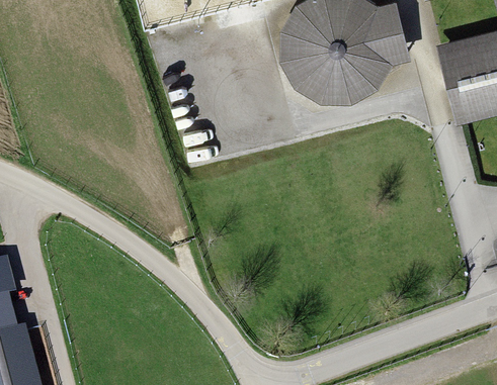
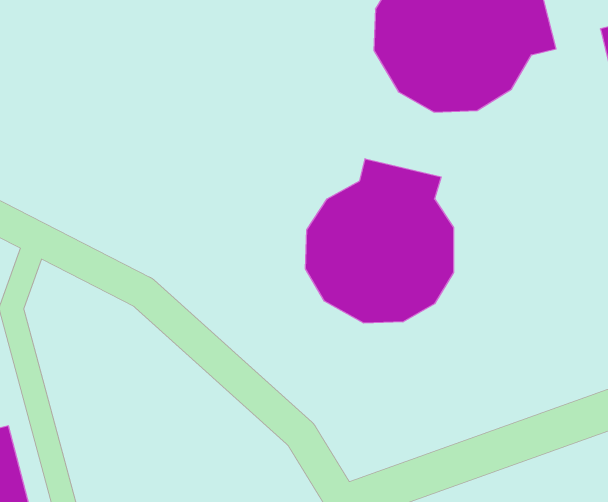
building: none -> [305,159,453,323]

